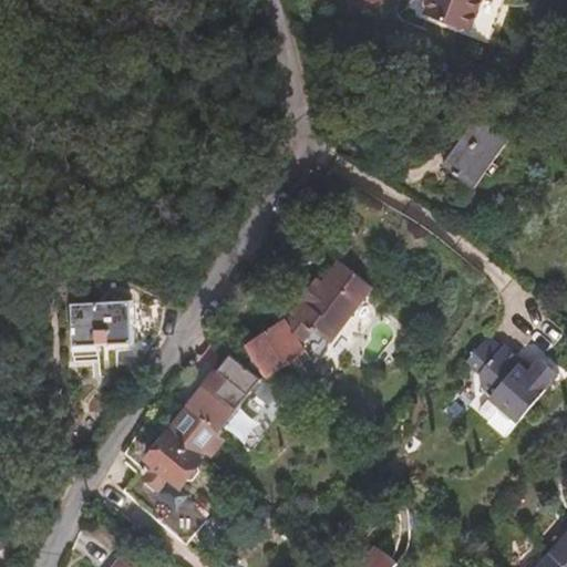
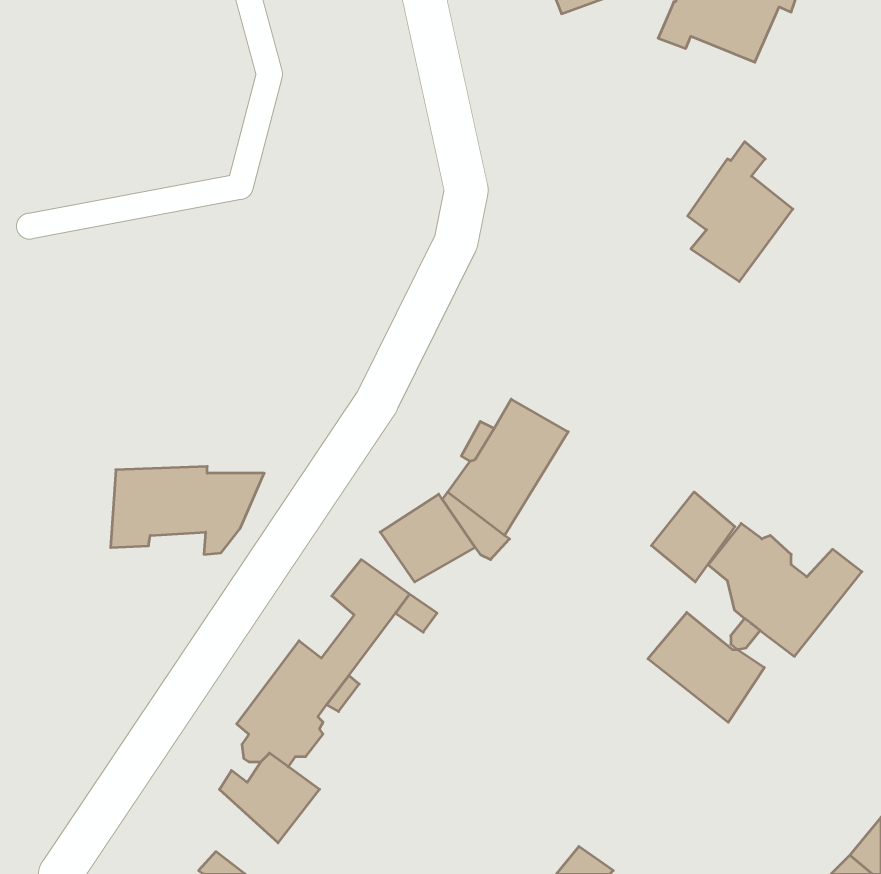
building: none -> [651,492,735,582]
building: none -> [648,612,764,722]

